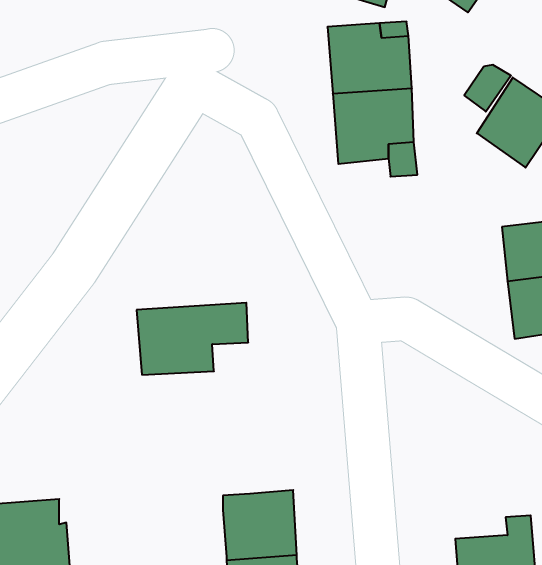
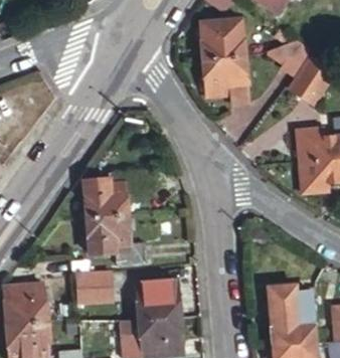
building: none -> [94,213,157,260]
building: none -> [74,271,111,302]

